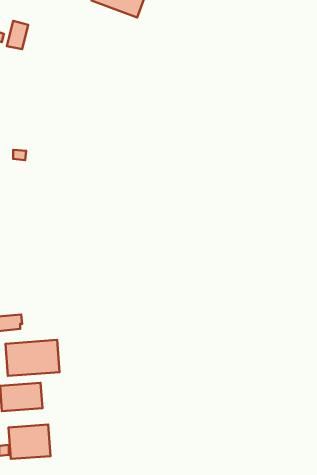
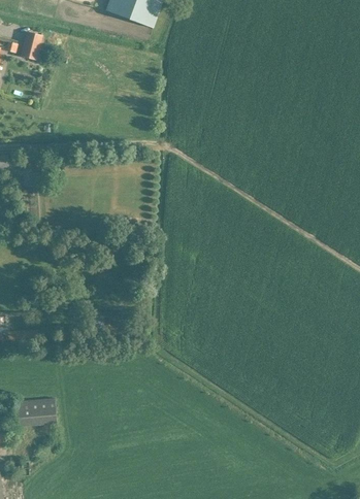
building: [6,340,59,376] -> none
building: [9,424,50,459] -> none

